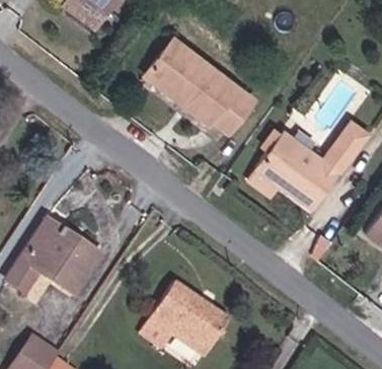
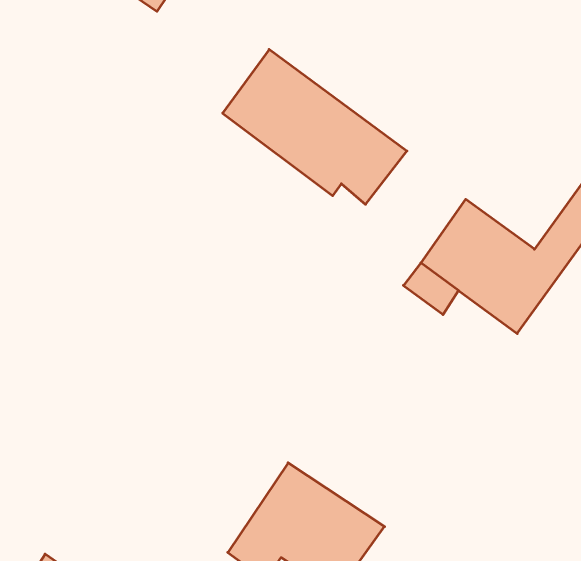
building: [10,216,106,294] -> none

